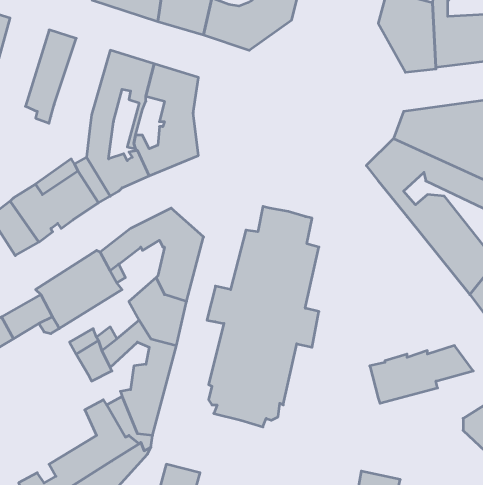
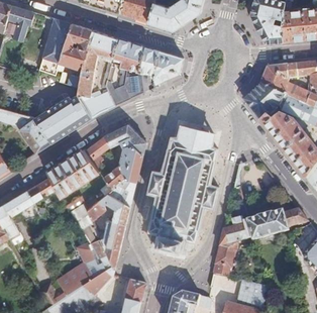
building: none -> [58,24,91,70]
building: none -> [140,46,182,94]
building: none -> [211,217,250,279]

